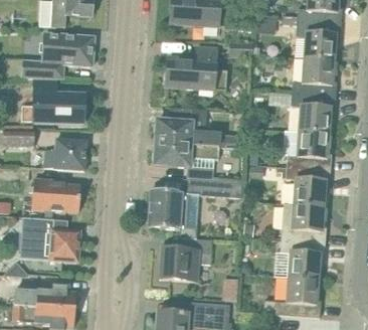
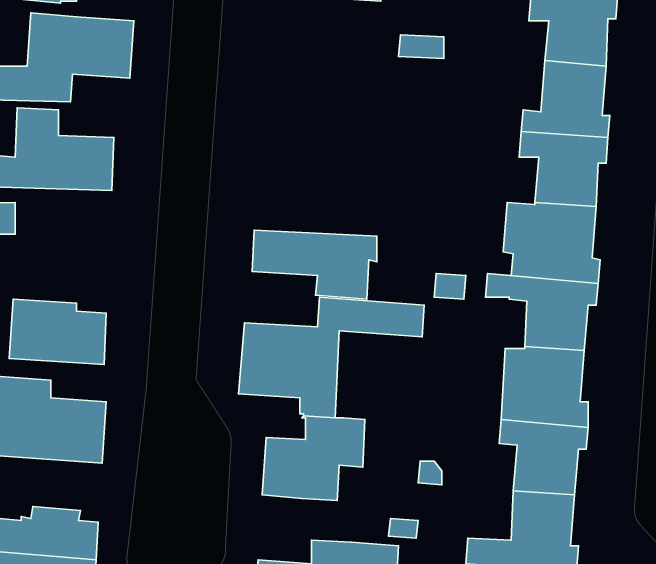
building: [166,47,228,90] -> none
building: [156,107,238,147] -> none
building: [43,138,87,170] -> none

